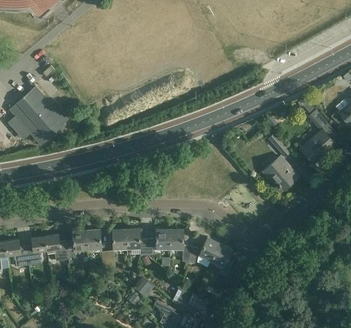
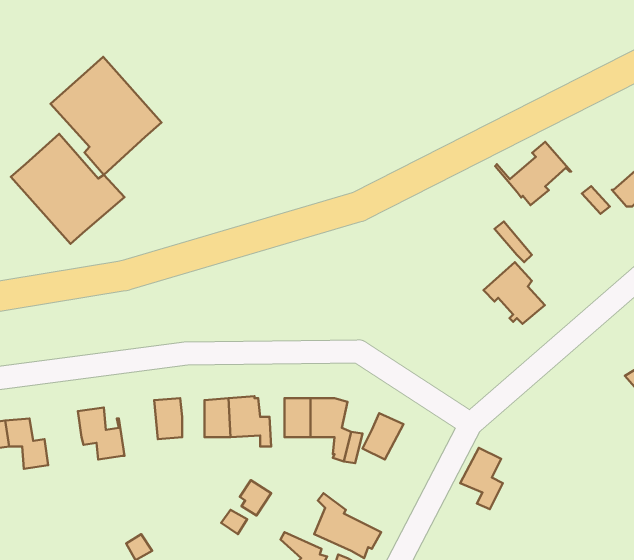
building: none -> [50,57,161,175]
building: [294,128,335,162] -> [495,142,571,205]
building: [66,229,87,263] -> none
building: [26,235,46,264] -> none
building: [209,242,232,275] -> [460,448,503,509]

